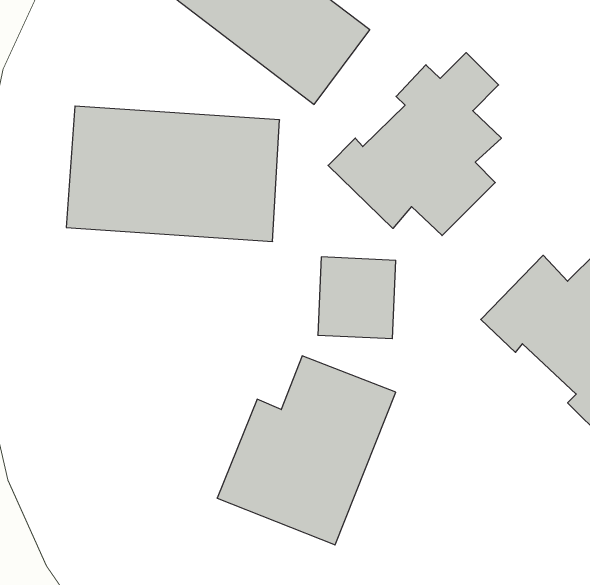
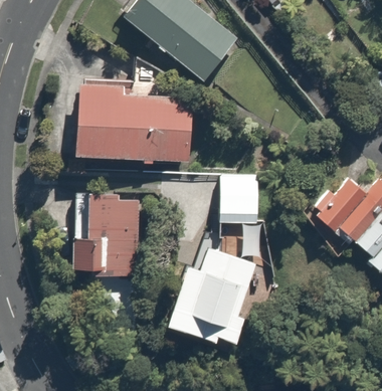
building: [328,53,501,236] -> none
building: none -> [81,194,140,274]

